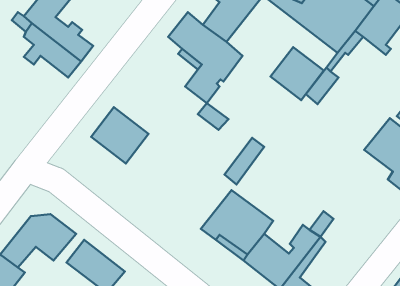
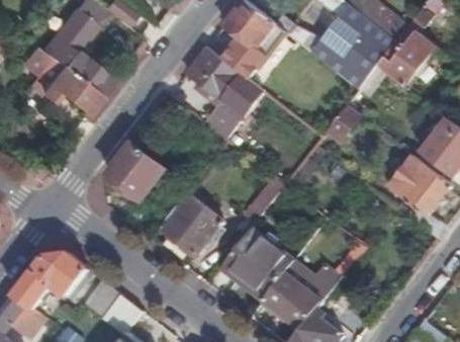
building: [271,47,324,100] -> none
building: none -> [161,195,222,255]

